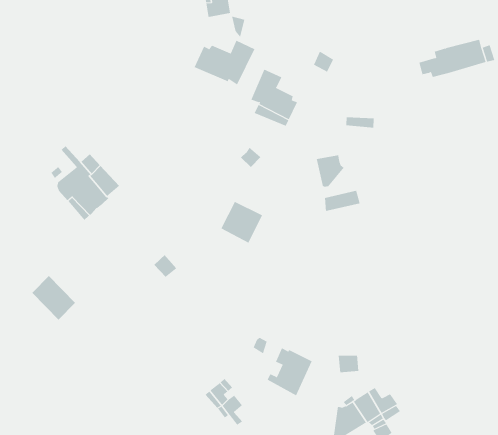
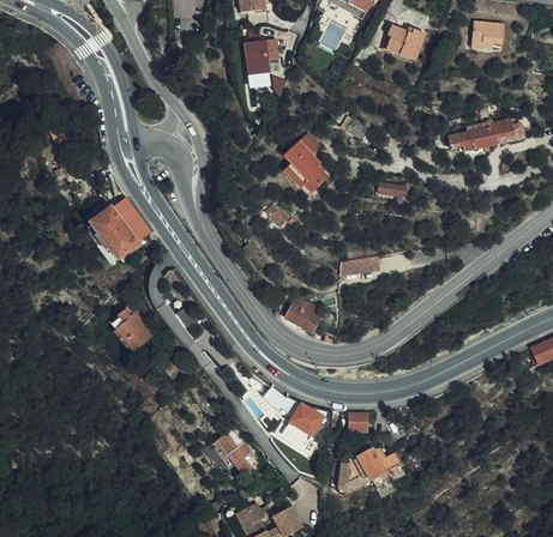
building: [194,40,255,85] -> none
building: [316,155,345,187] -> none
building: [220,201,263,243] -> [287,290,329,332]
building: [31,275,76,320] -> [109,304,151,349]

